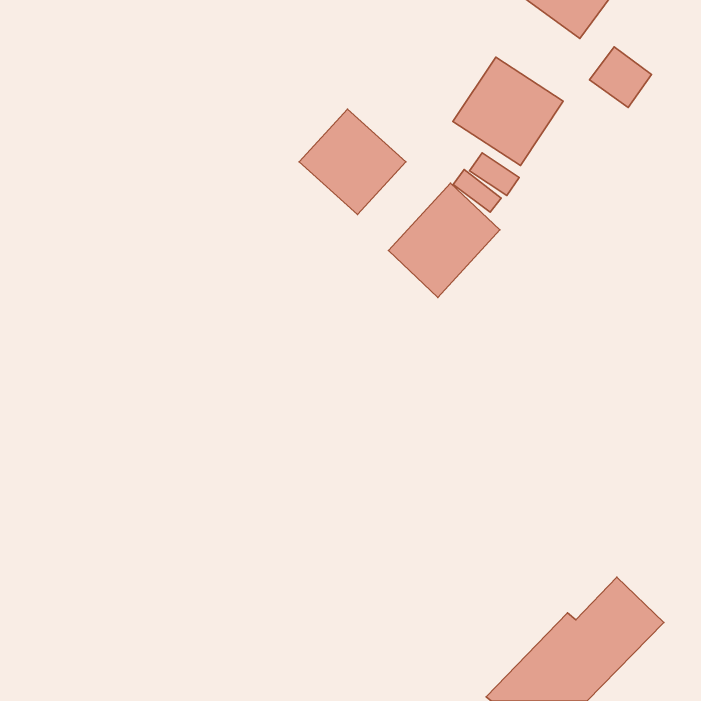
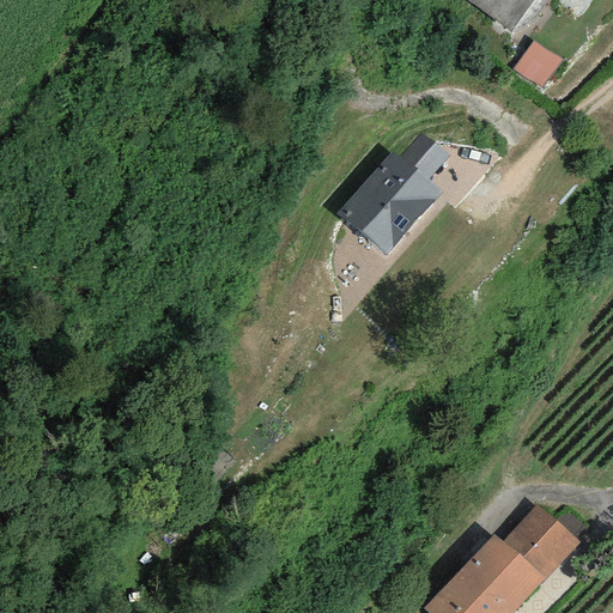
building: [453,57,563,165] -> none
building: [299,109,406,215] -> none

